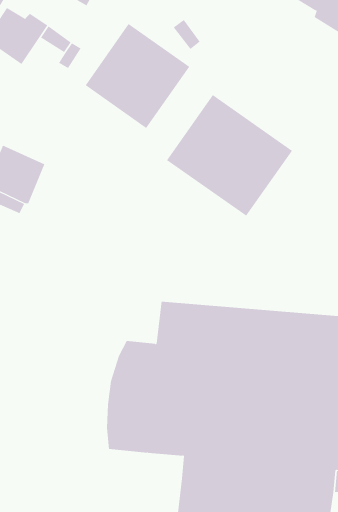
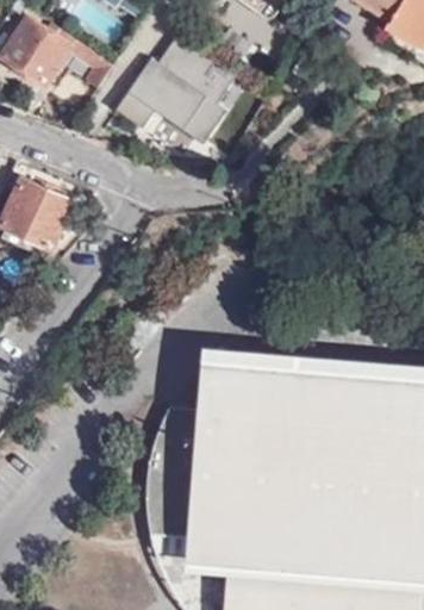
building: [166,94,293,217] -> none
building: none -> [187,539,231,568]

